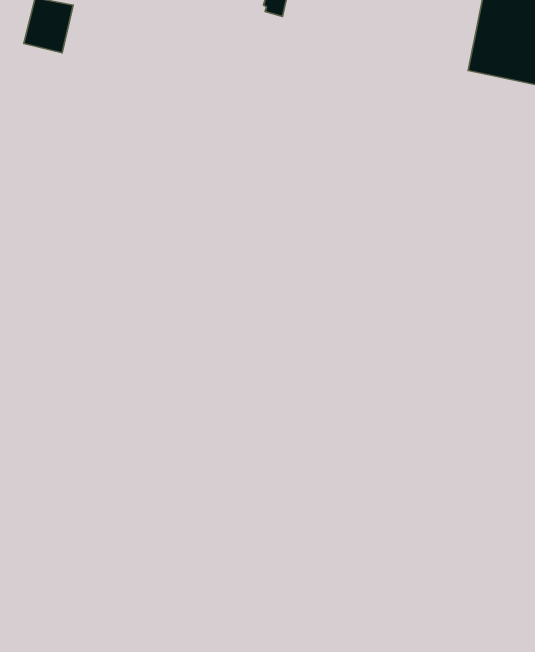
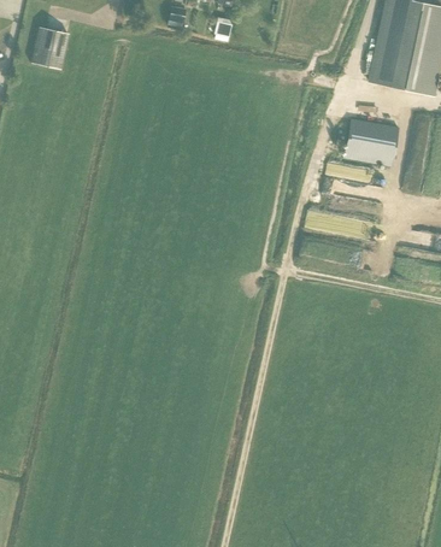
building: none -> [343,117,398,164]

